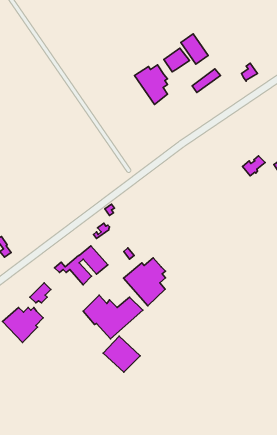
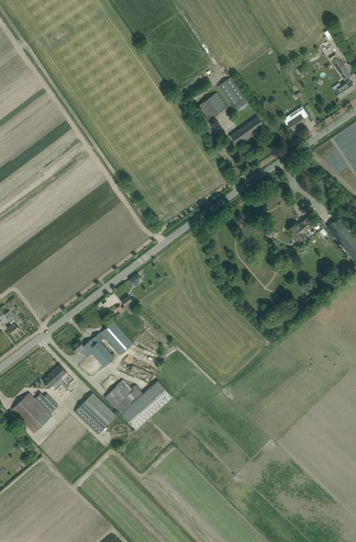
building: [134,65,168,104] -> none
building: [123,258,166,306] -> none
building: [103,336,140,372] -> [75,393,118,434]

